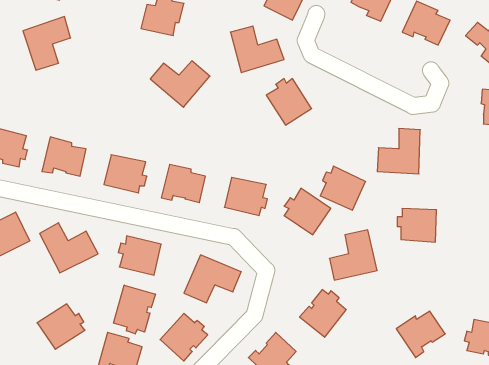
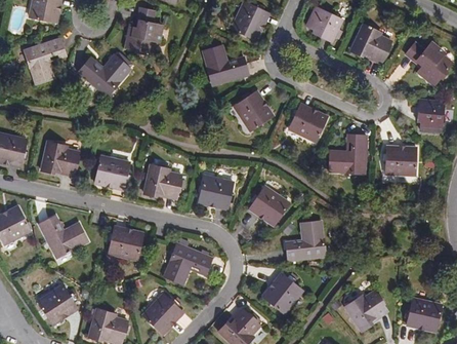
building: [150,61,210,107] -> [79,55,130,95]
building: [320,166,366,210] -> [288,103,327,141]
building: [397,209,437,242] -> [382,146,416,175]
building: [113,285,155,334] -> none

